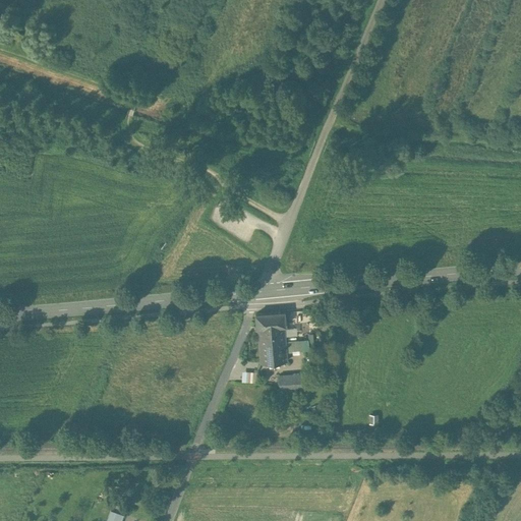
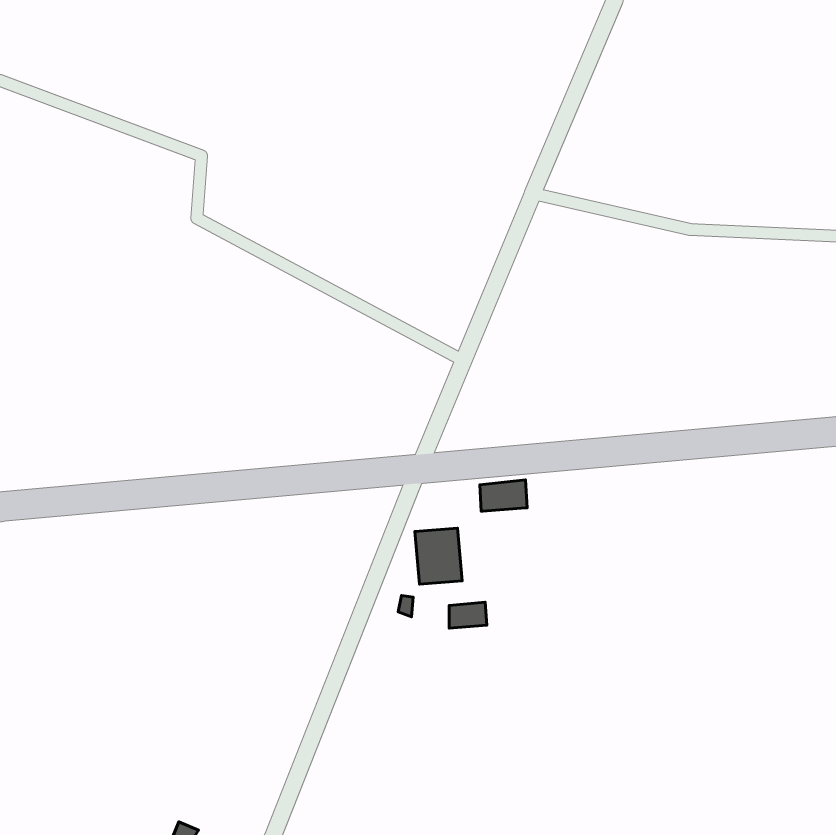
building: [256,312,286,332] -> [480,480,527,511]

